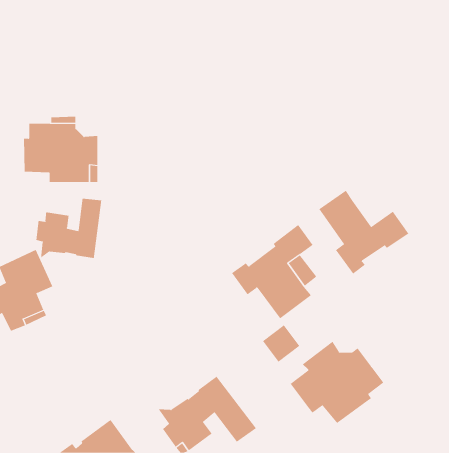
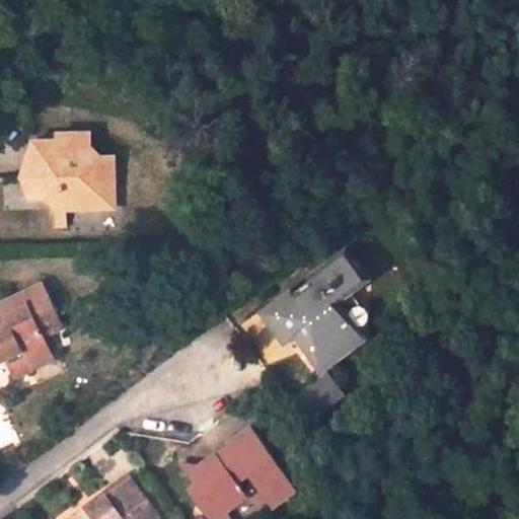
building: [318,190,409,274] -> none
building: [36,198,102,259] -> none
building: [290,341,384,424] -> none

